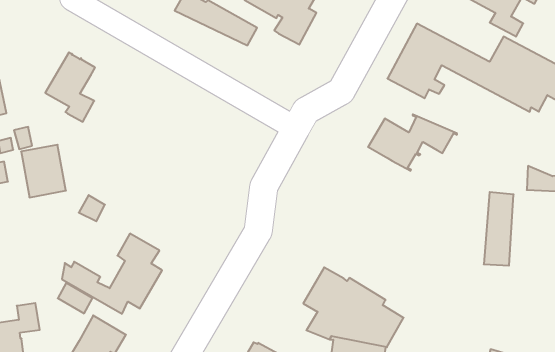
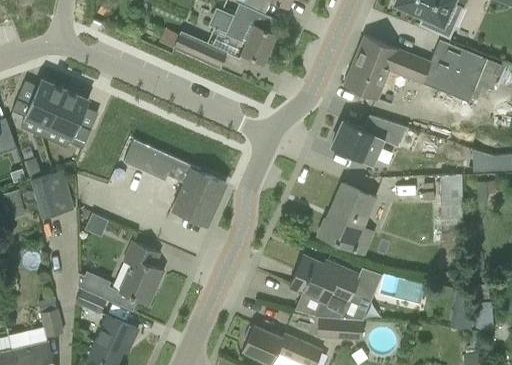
building: none -> [12,78,65,126]
building: none -> [124,141,226,224]
building: none -> [319,183,375,254]

